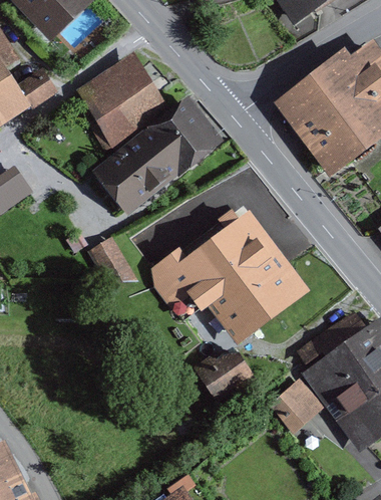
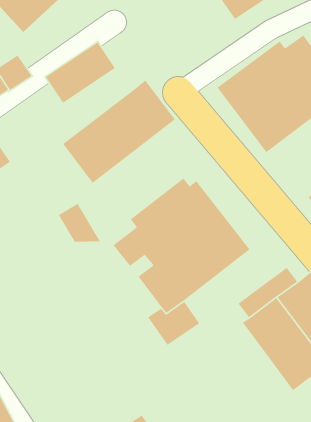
building: [93,80,172,152] -> none
building: [267,378,324,434] -> none

